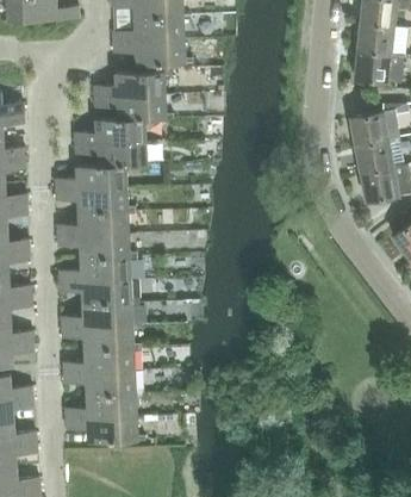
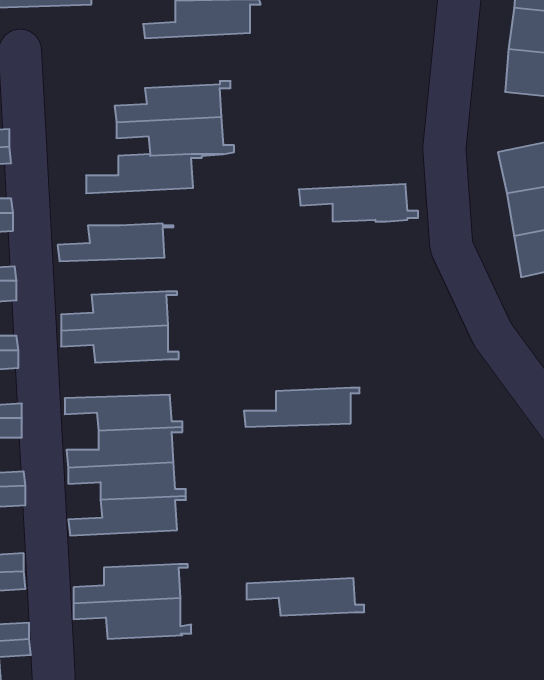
building: [114,38,193,66] -> none
building: [75,142,155,167] -> [299,184,418,221]
building: [57,188,136,213] -> none
building: [60,256,137,282] -> [244,388,360,427]
building: [64,371,143,396] -> [247,578,364,616]

